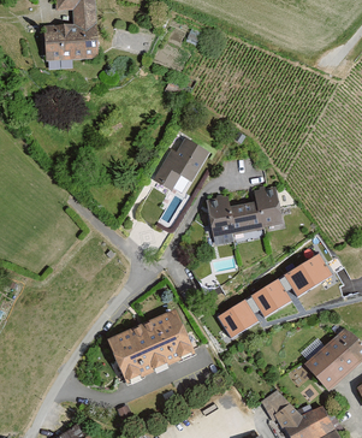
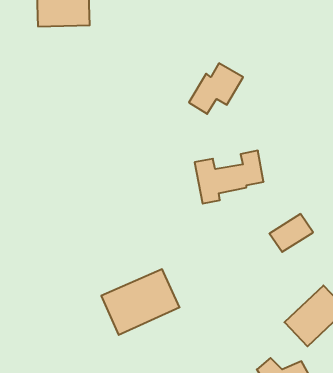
building: [150,138,207,191] -> [189,63,243,114]
building: [254,279,291,314] -> none
building: [220,301,257,336] -> none

